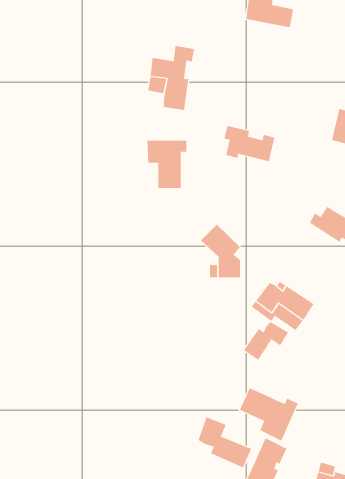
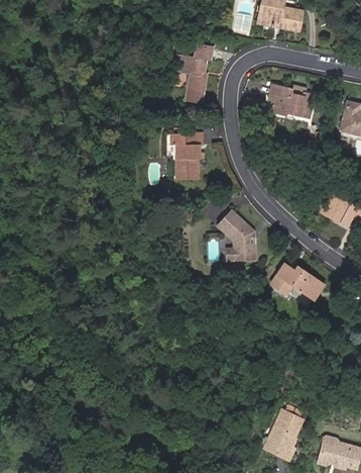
building: [223,125,275,162] -> [265,87,313,120]
building: [243,321,289,361] -> none
building: [239,387,298,442] -> none
building: [198,417,252,468] -> none

